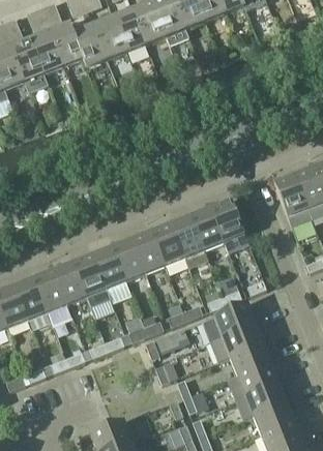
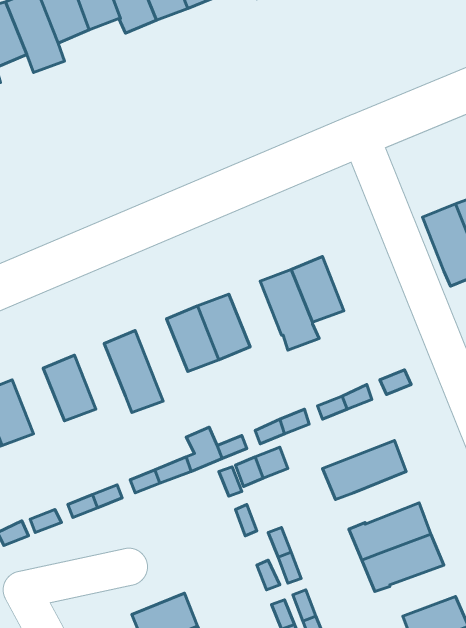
building: [210,200,248,252] -> none
building: [151,223,184,265] -> none
building: [92,247,125,289] -> none
building: [54,263,86,304] -> none
building: [14,278,48,320] -> none
building: [202,303,256,341] -> none
building: [230,343,271,377] -> none
building: [253,402,294,434] -> none

